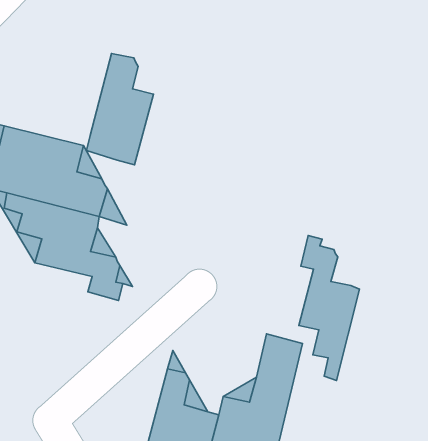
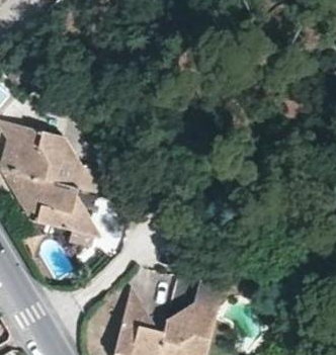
building: [86,53,153,165] -> none
building: [299,236,360,380] -> none

